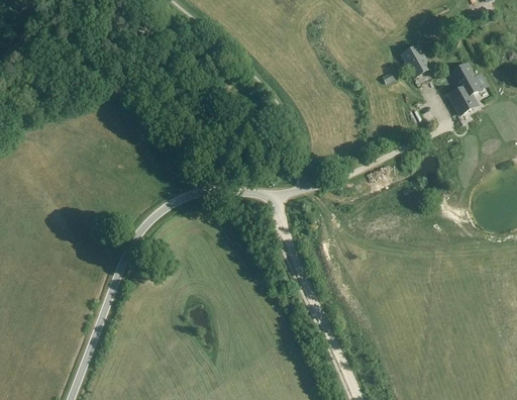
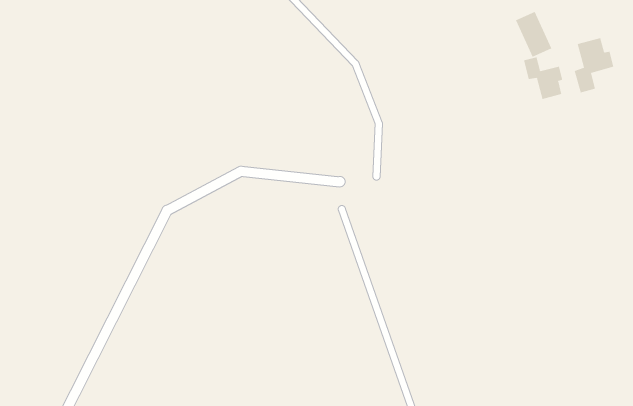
building: none -> [524,56,563,100]

